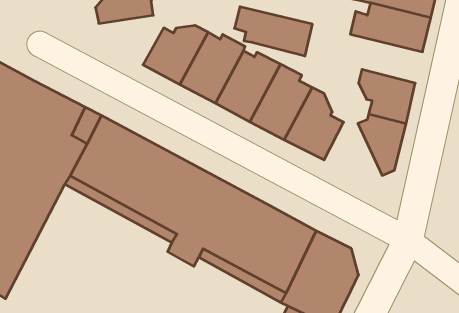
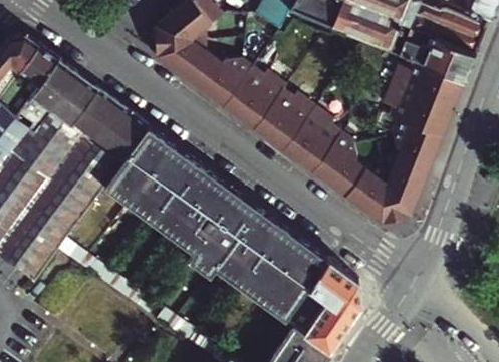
building: [234,7,312,56] -> [379,86,451,140]
building: none -> [156,42,216,86]
building: none -> [345,166,397,226]

